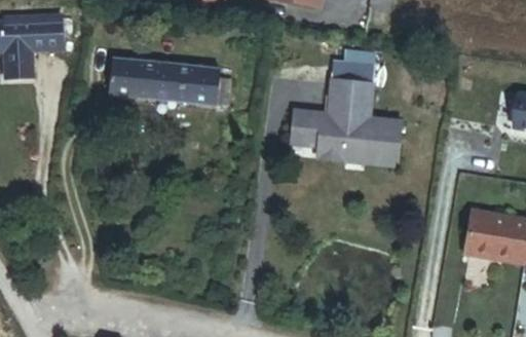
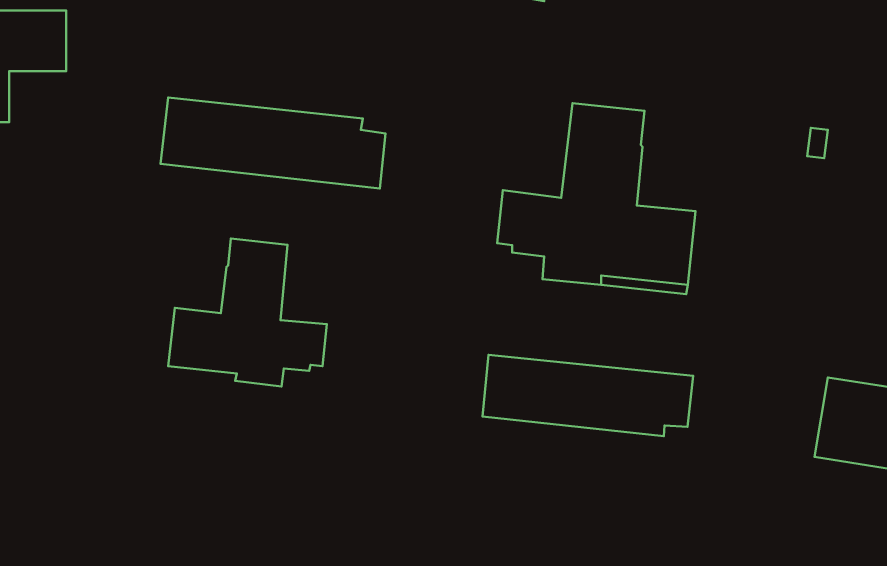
building: none -> [168,239,327,386]
building: none -> [482,355,693,436]

